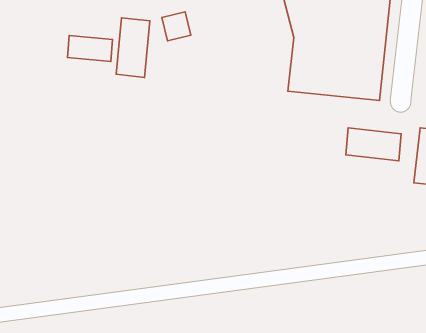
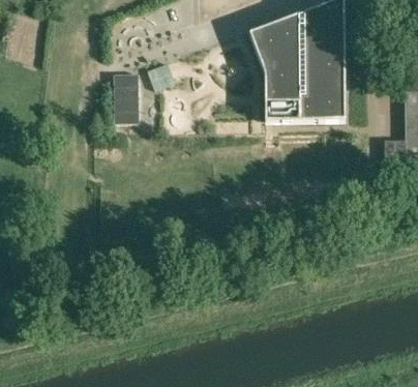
building: [68,35,113,61] -> none
building: [346,128,401,161] -> none

